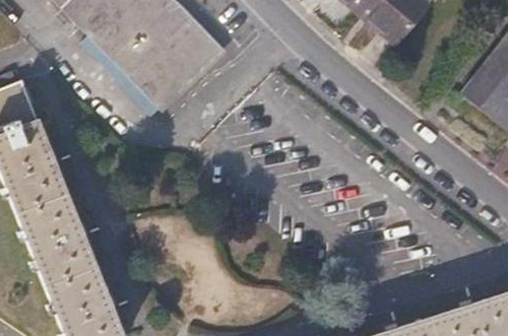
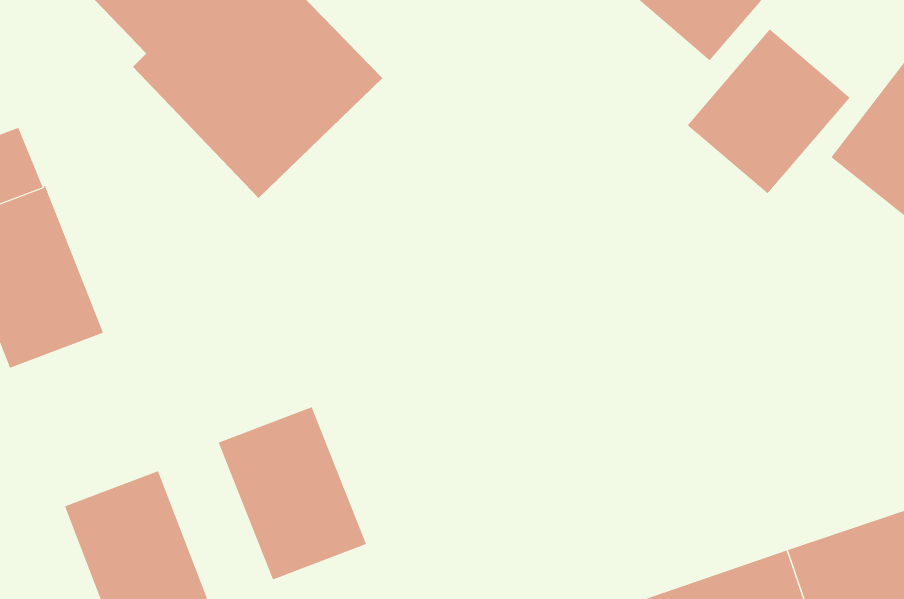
building: none -> [687,29,851,194]
building: [20,192,101,285] -> [218,407,367,580]

